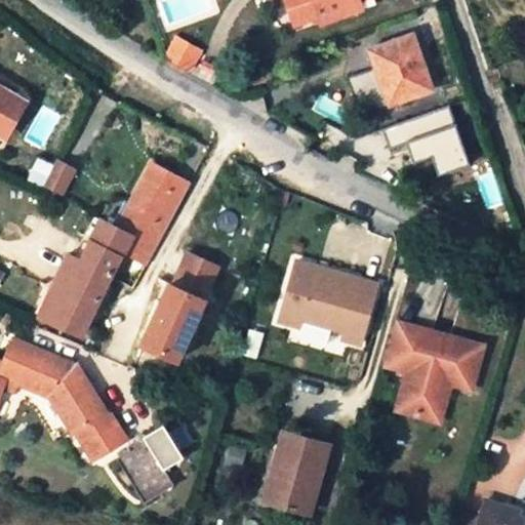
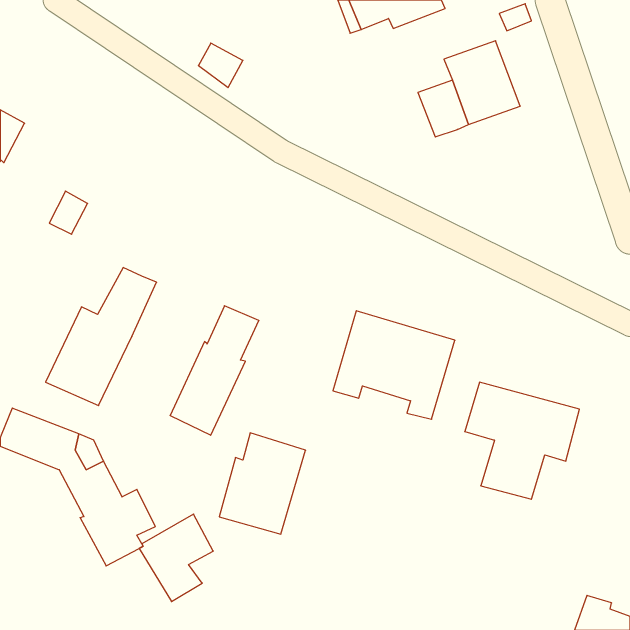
building: [383,104,471,169] -> none
building: [110,166,186,290] -> none
building: [257,428,329,512] -> [219,433,306,534]

